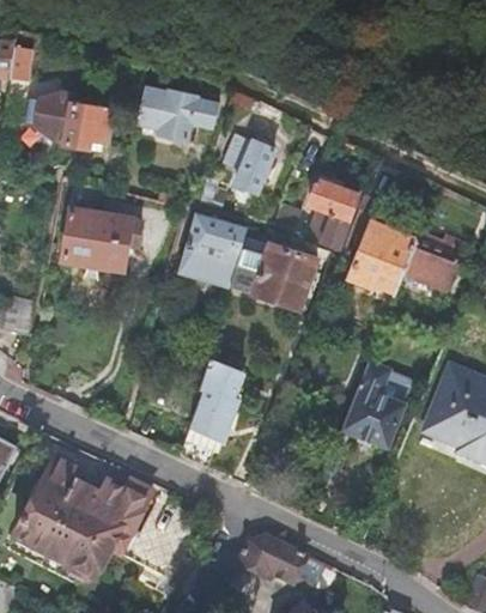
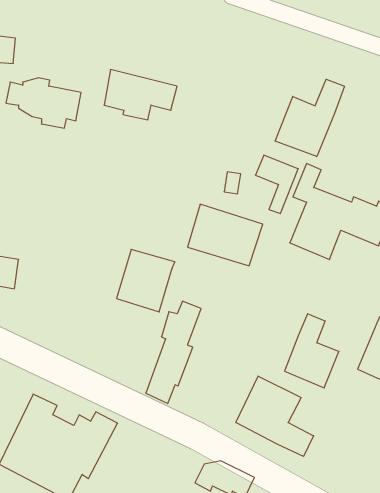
building: none -> [275,79,345,157]
building: [223,132,274,192] -> none
building: [65,210,130,266] -> none
building: [182,216,249,287] -> [117,249,175,312]
building: none -> [236,376,314,456]

